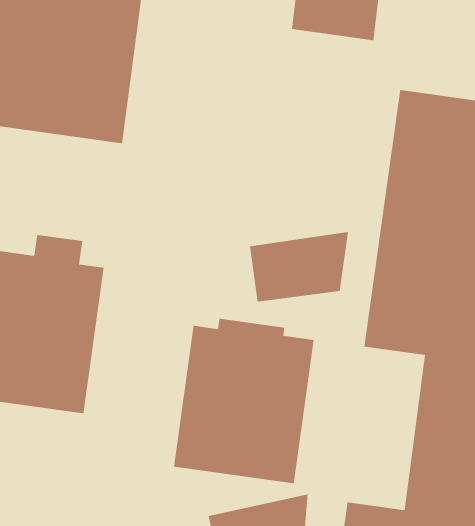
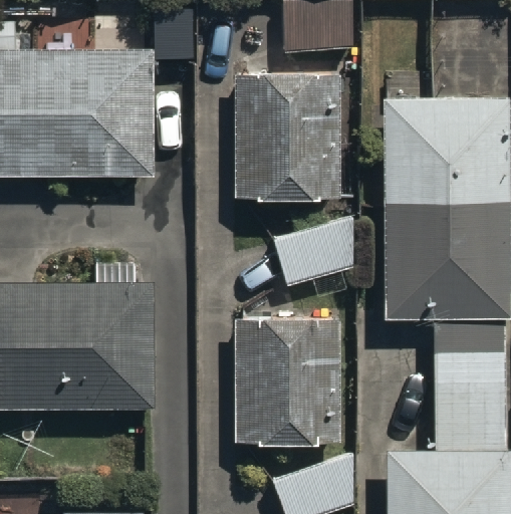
building: none -> [236,70,339,200]

